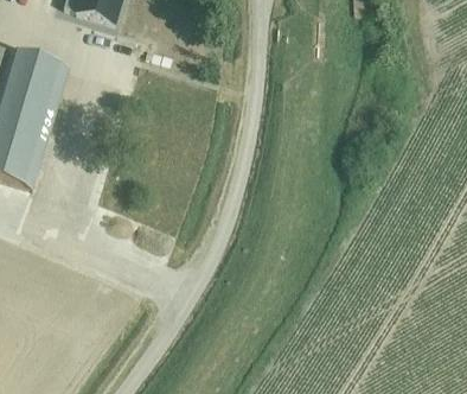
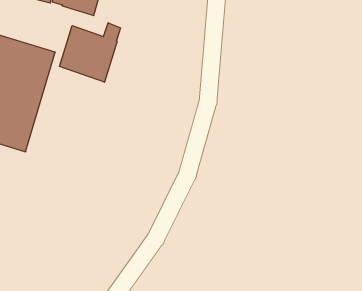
building: none -> [59,23,120,82]

